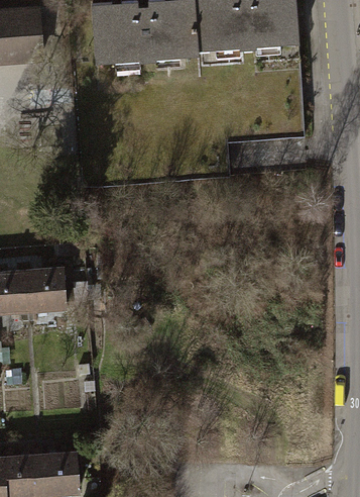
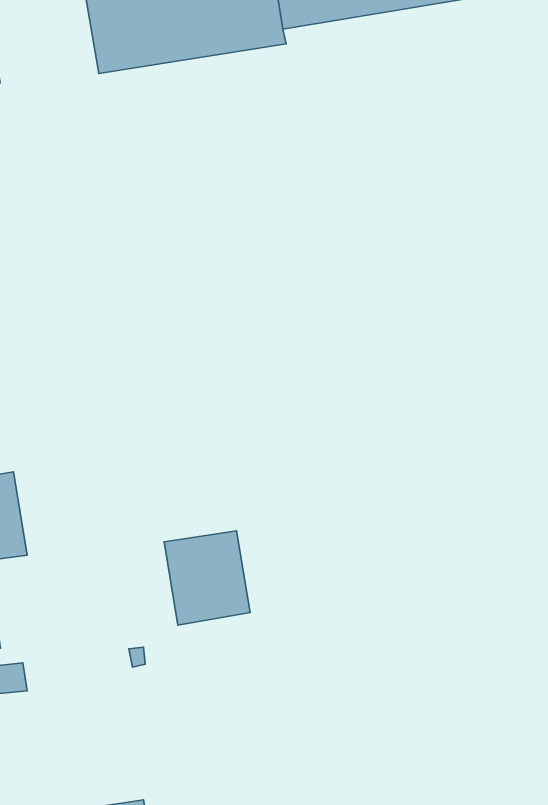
building: [27,269,70,316] -> [164,531,250,625]

